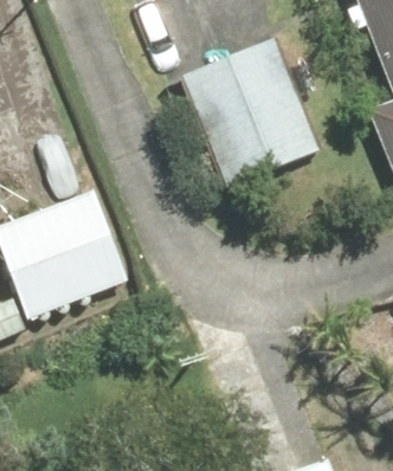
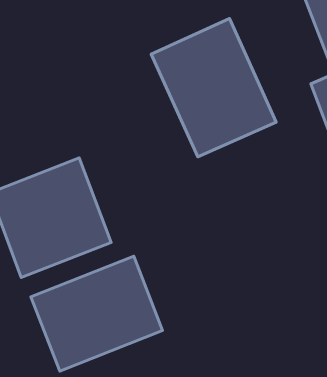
building: none -> [31,256,163,371]

